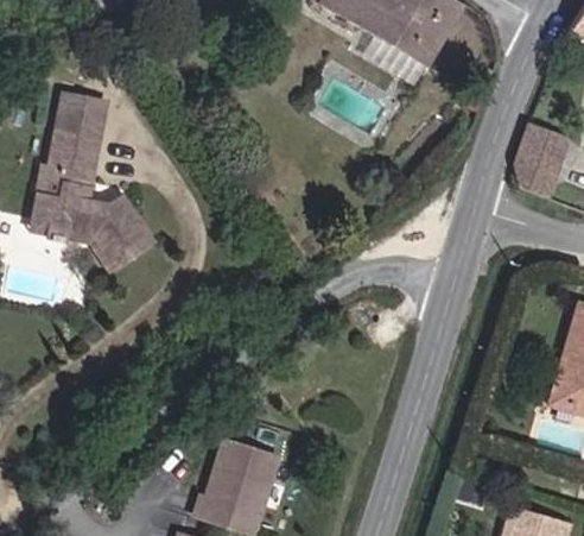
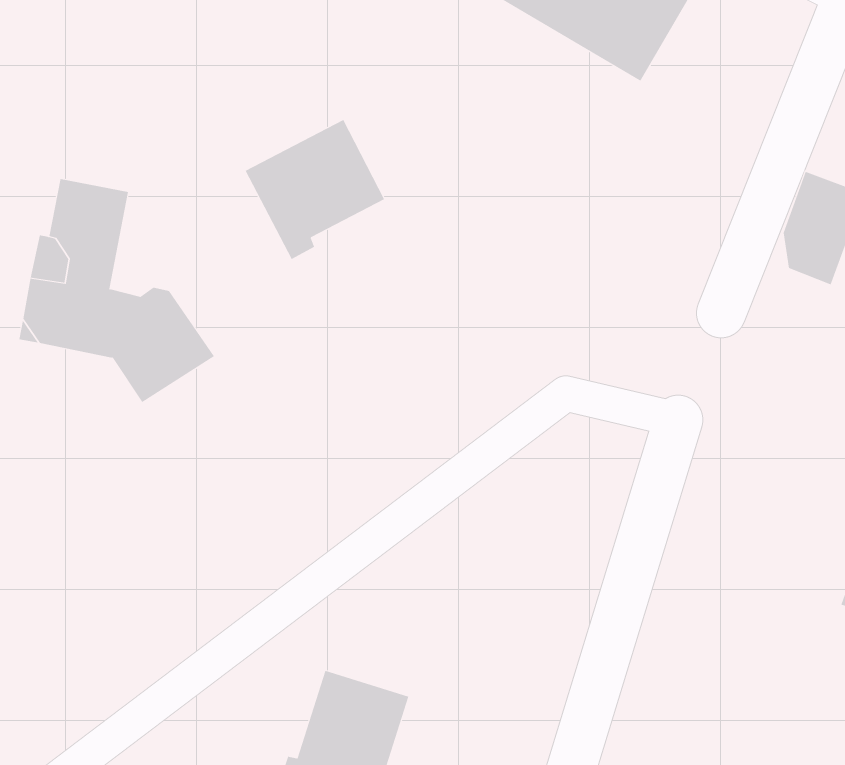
building: none -> [245,119,385,260]
building: [56,93,107,137] -> none

